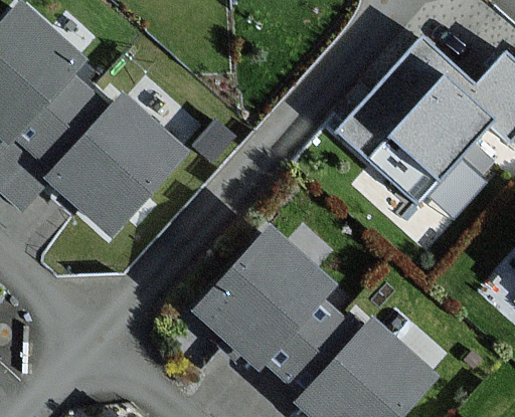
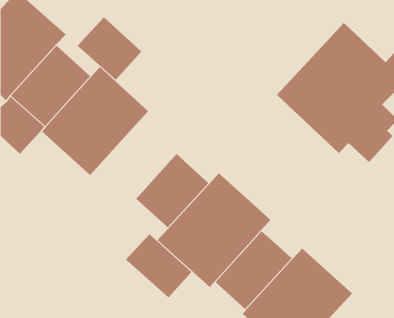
building: none -> [77,17,142,81]
building: none -> [135,153,209,228]
building: none -> [125,233,192,298]

